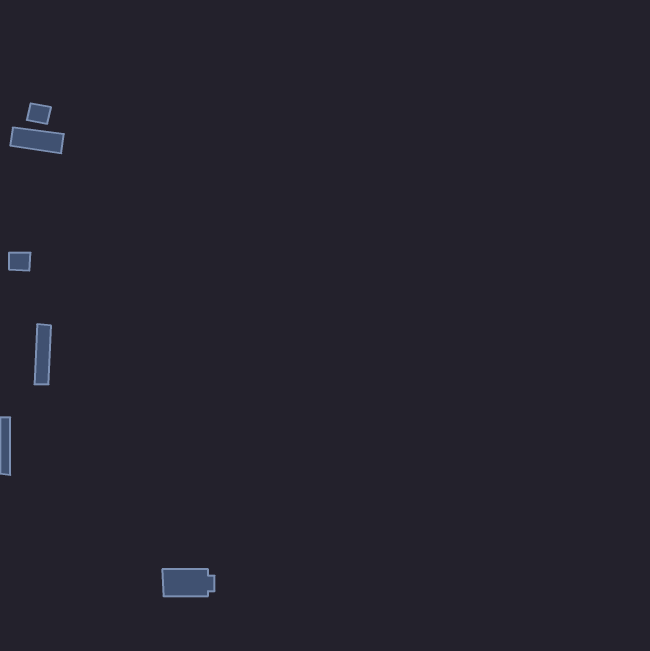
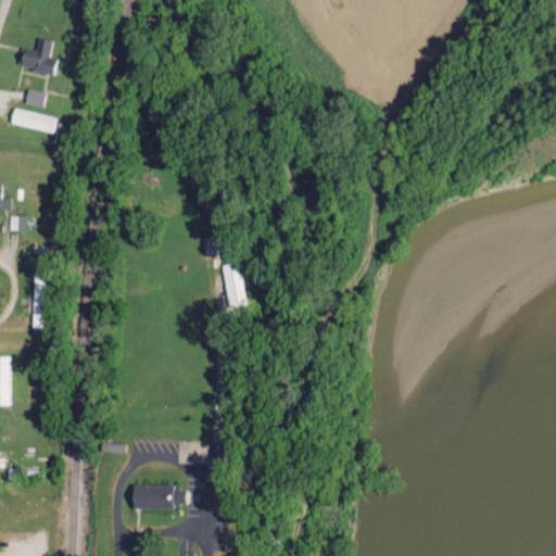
building: none -> [20,37,59,75]
building: none -> [222,263,247,307]

